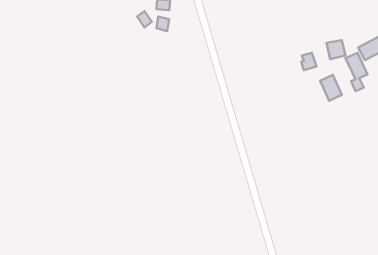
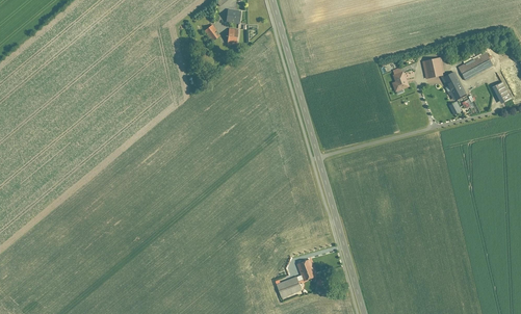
building: [320,75,342,101] -> none
building: none -> [278,258,317,297]

